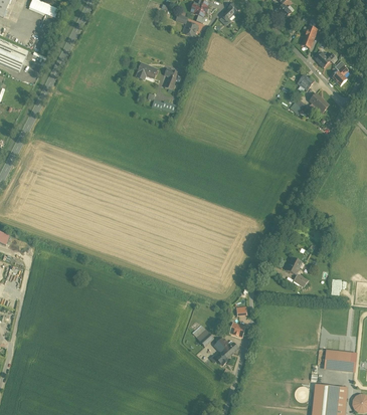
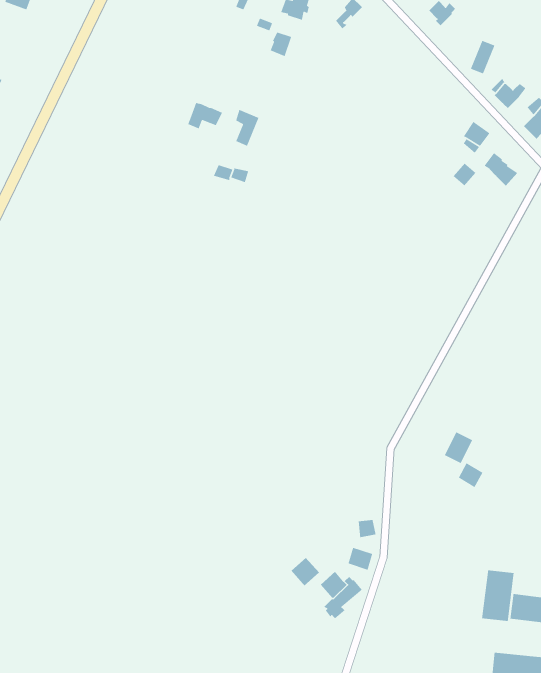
building: none -> [481,569,515,622]

